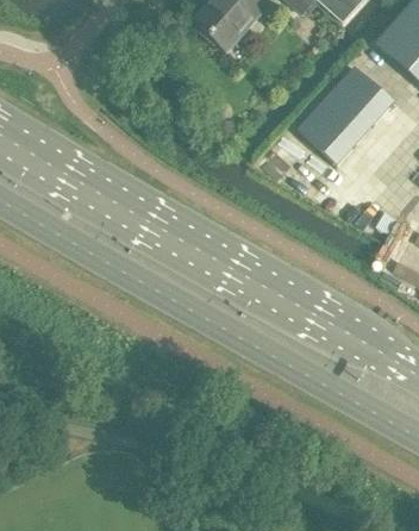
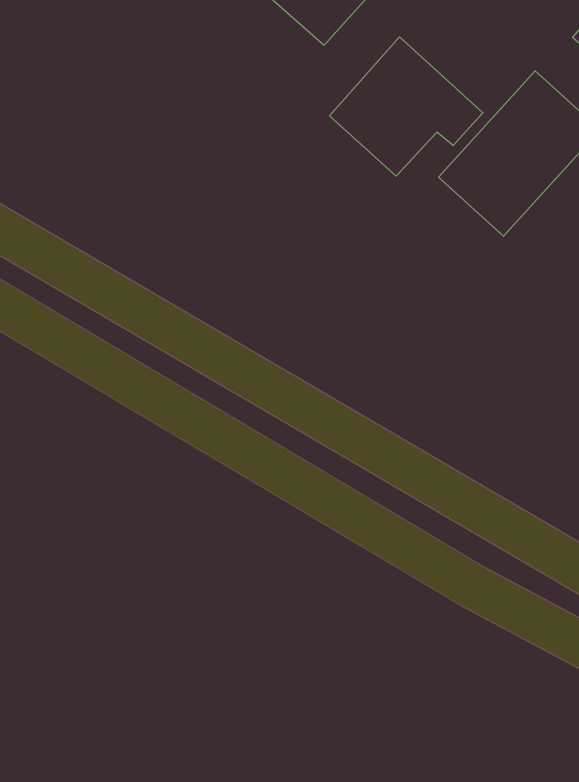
building: none -> [330,37,483,176]

